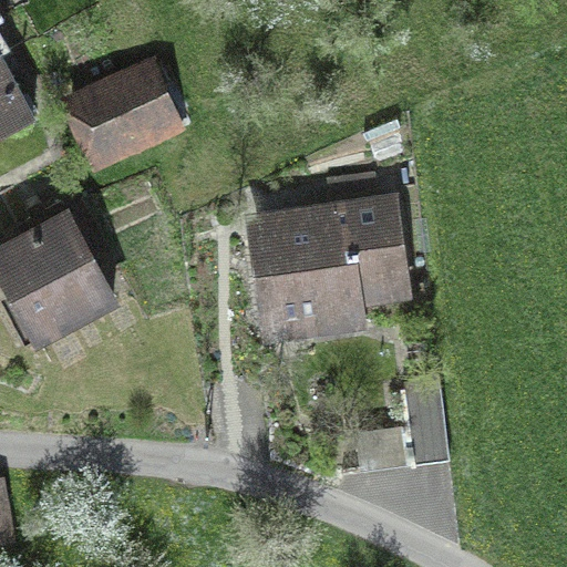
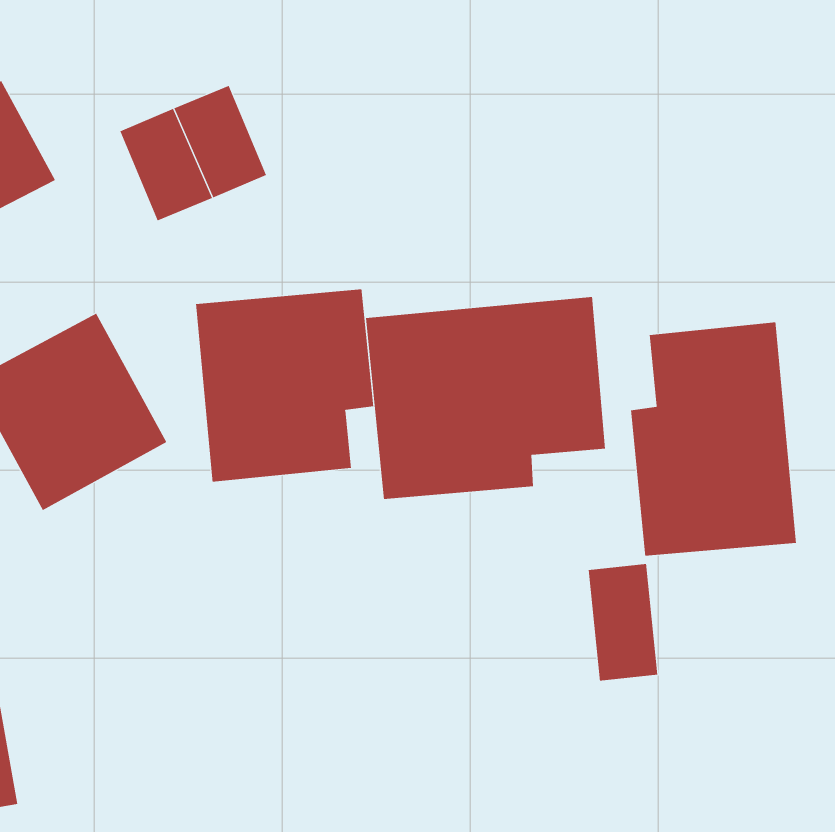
building: none -> [196,289,374,482]
building: none -> [630,321,797,557]

